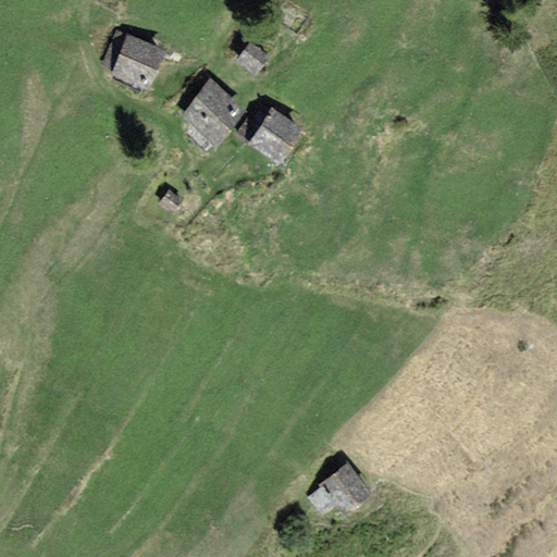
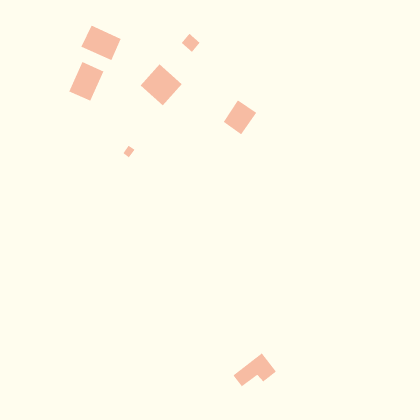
building: none -> [69,61,104,102]
building: [255,111,300,158] -> [223,100,257,135]

